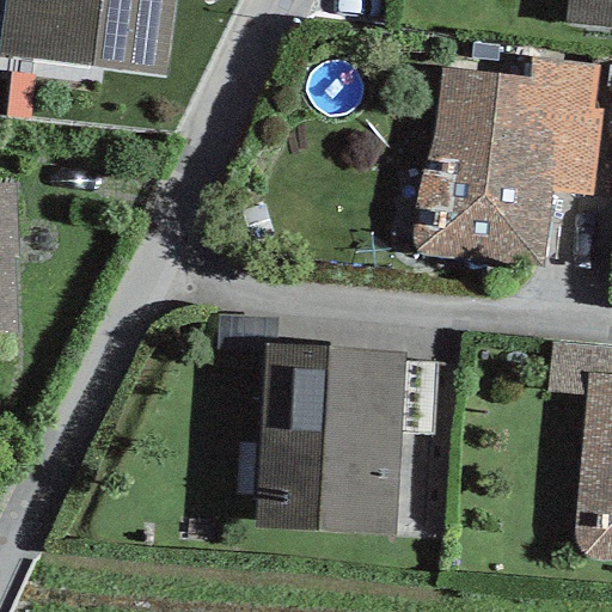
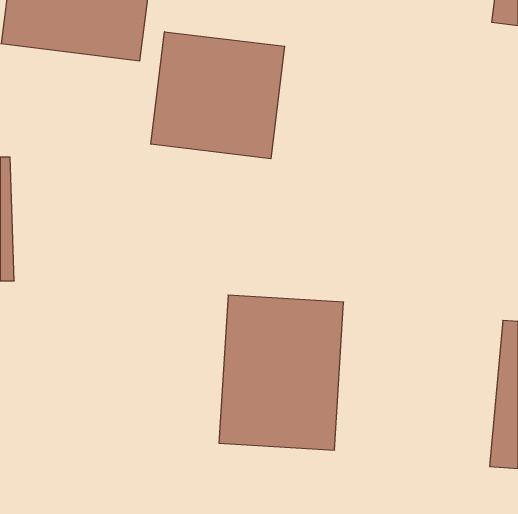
building: none -> [151,32,285,159]
building: [417,62,599,264] -> none

